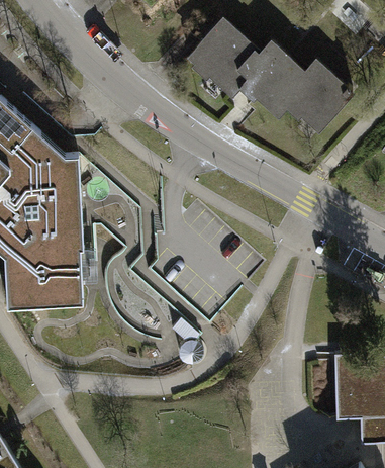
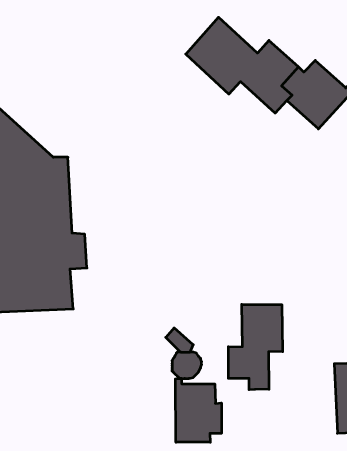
building: none -> [228,304,283,390]
building: none -> [175,378,221,442]

